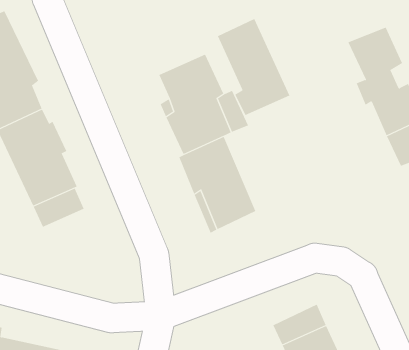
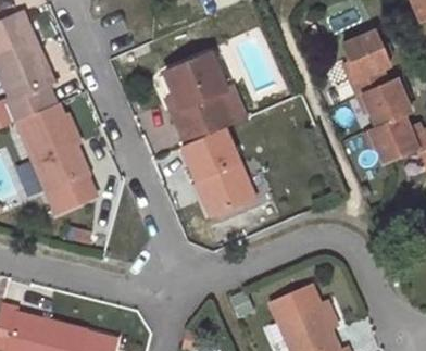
building: [217,18,290,116] -> none

